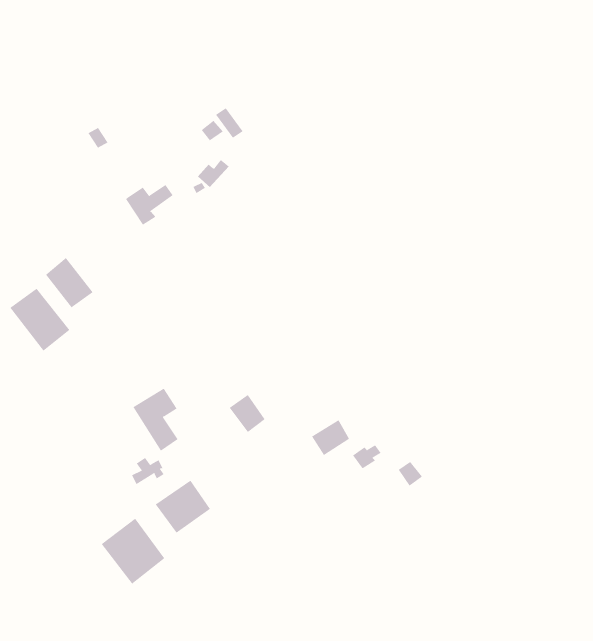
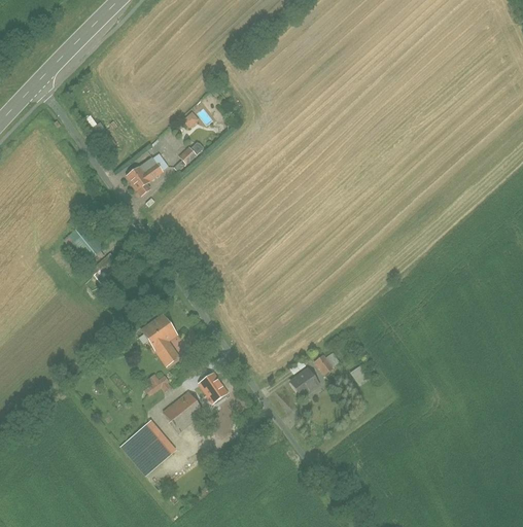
building: [10,288,70,351] -> none
building: [229,394,265,433] -> [197,374,225,403]
building: [311,419,350,456] -> [289,366,319,395]

